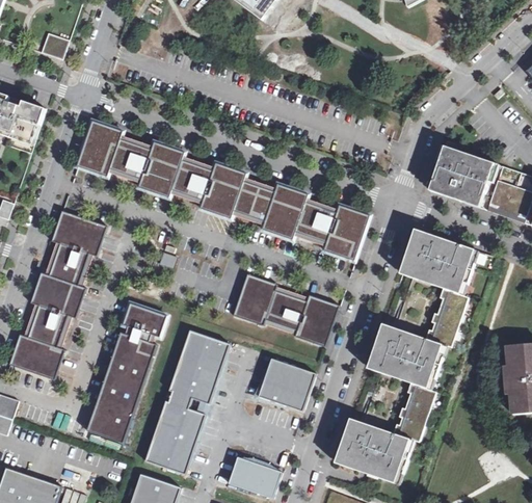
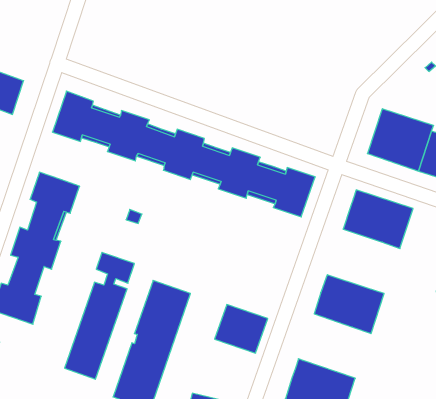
building: [41,32,68,57] -> none
building: [233,271,339,345] -> none
building: [426,288,468,347] -> none
building: [393,382,435,442] -> none

